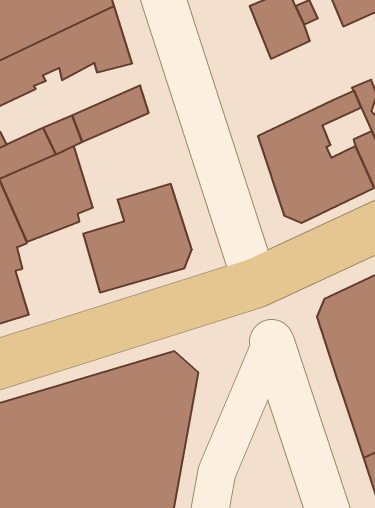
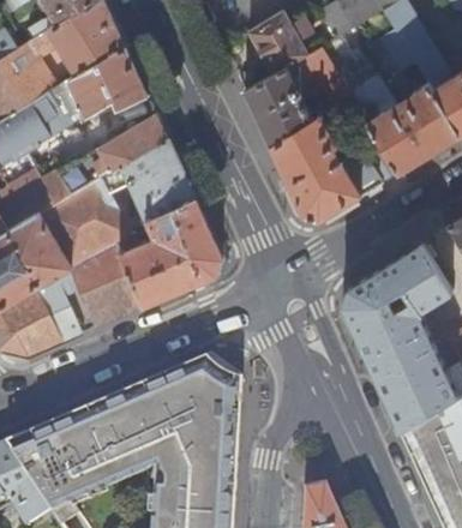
building: none -> [245,46,353,146]
building: none -> [121,137,196,221]
building: none -> [71,244,143,326]

